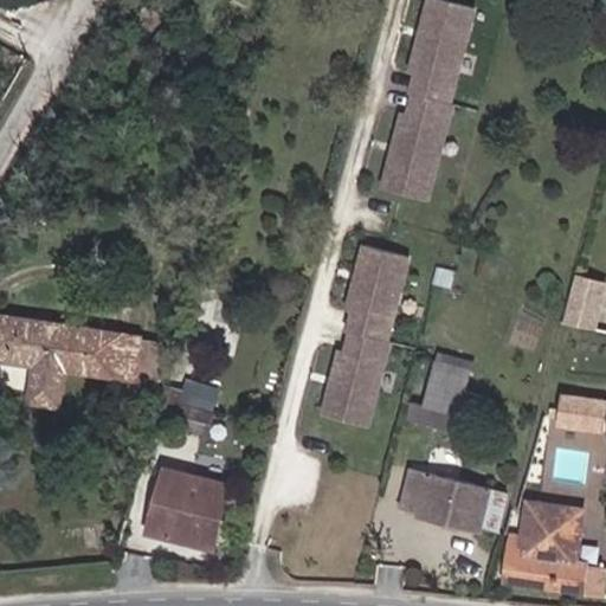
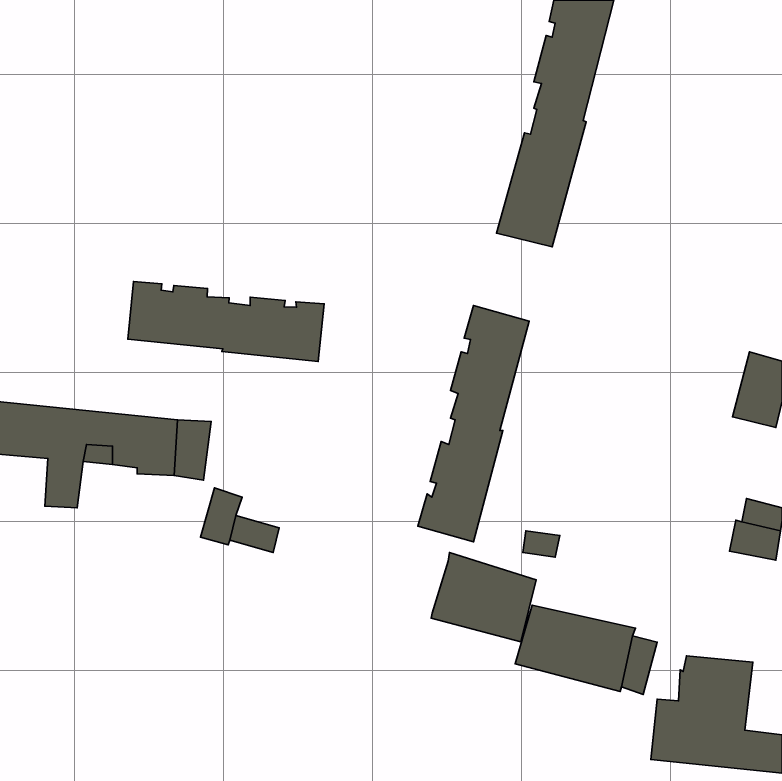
building: none -> [128,282,324,362]
building: [415,365,465,419] -> none
building: none -> [431,553,536,642]
building: [149,473,226,549] -> none

